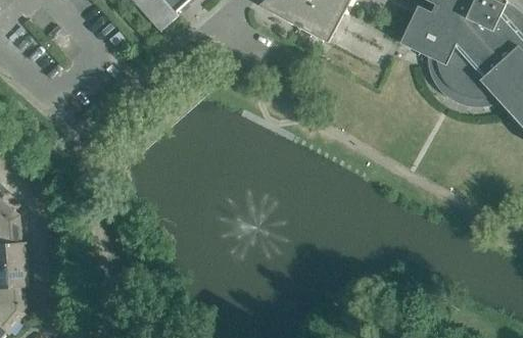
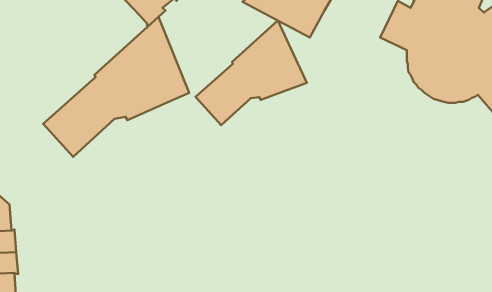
building: none -> [43,17,189,157]
building: none -> [196,20,307,125]

